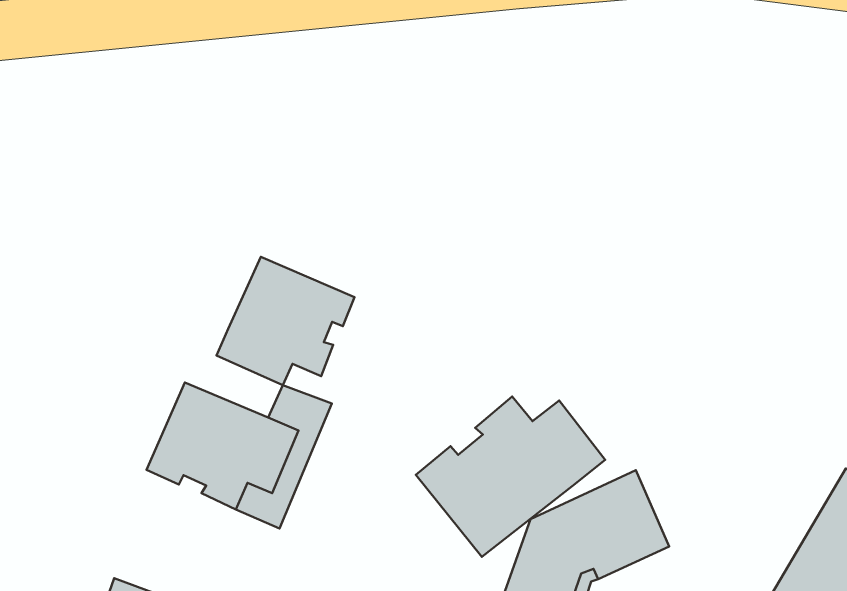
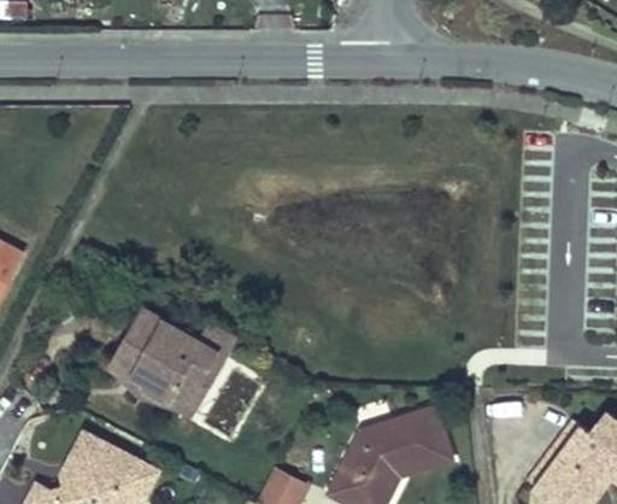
building: [217,257,354,385] -> none
building: [416,396,605,557] -> none

